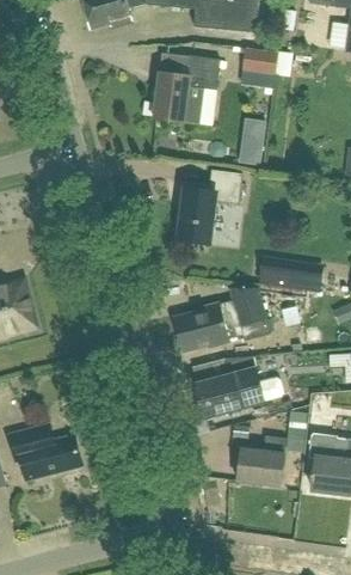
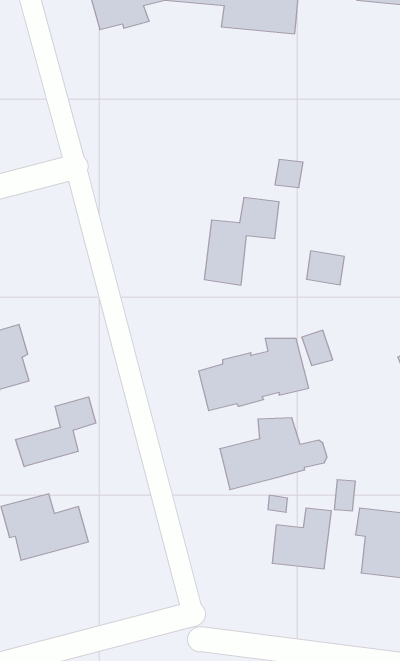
building: [242,45,278,73] -> none
building: [154,57,220,124] -> none
building: [282,259,314,288] -> [306,251,344,285]
building: none -> [15,397,96,467]

